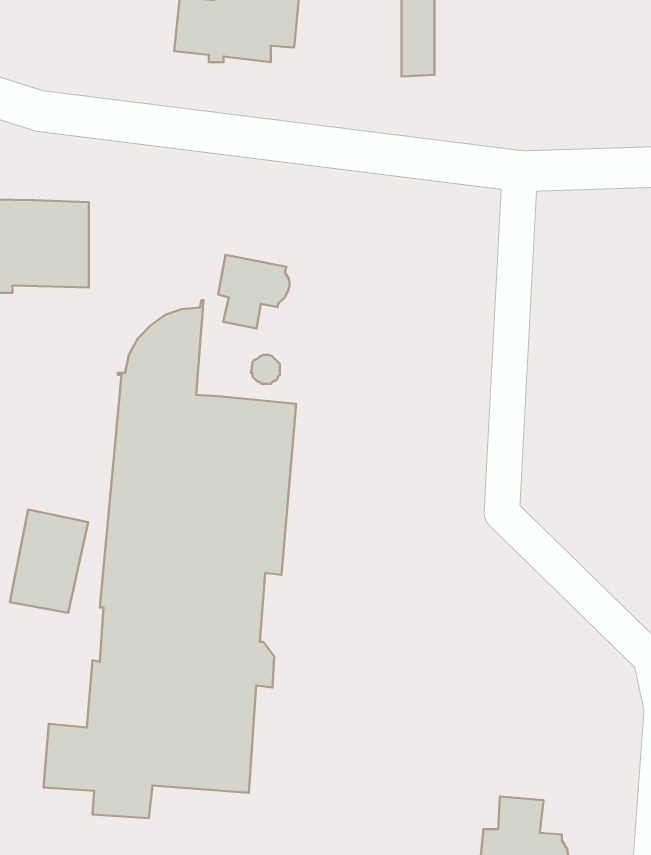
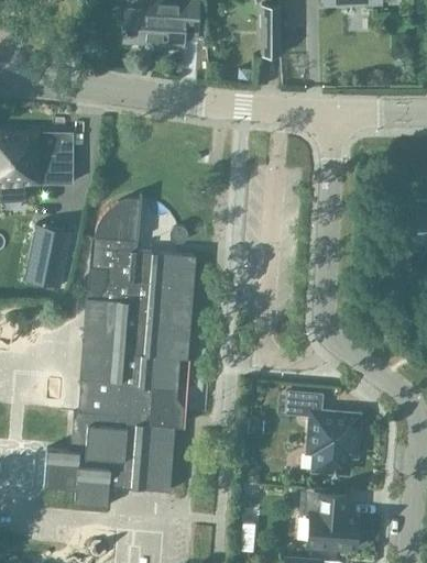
building: [218,255,290,329] -> none
building: [10,509,88,613] -> [25,223,73,286]
building: none -> [288,393,360,475]

